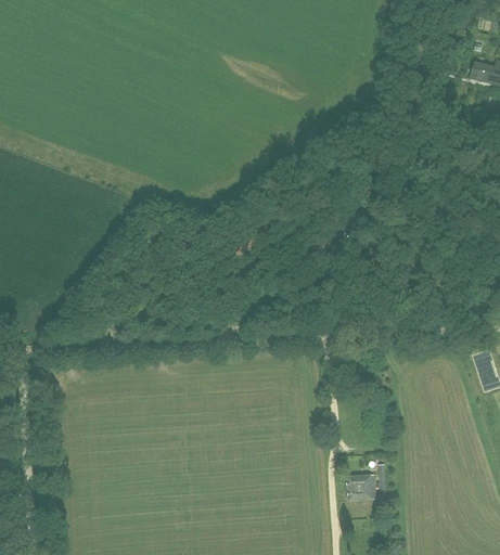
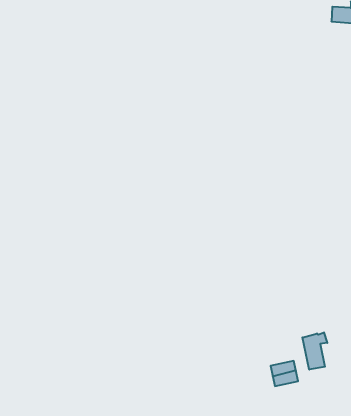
building: none -> [302,332,327,370]

